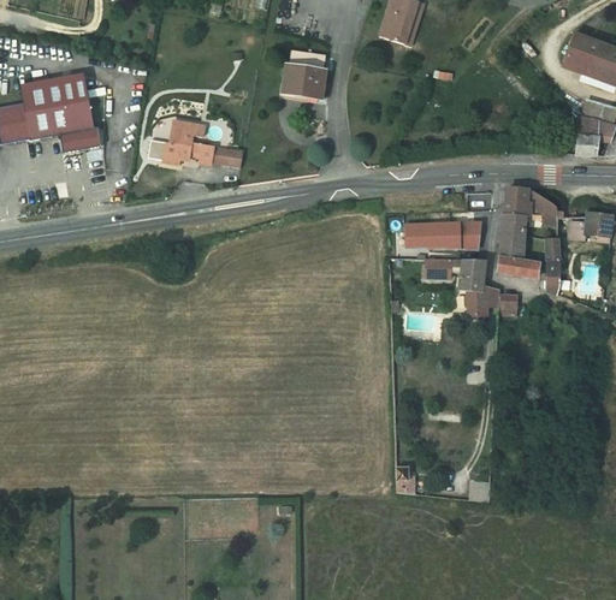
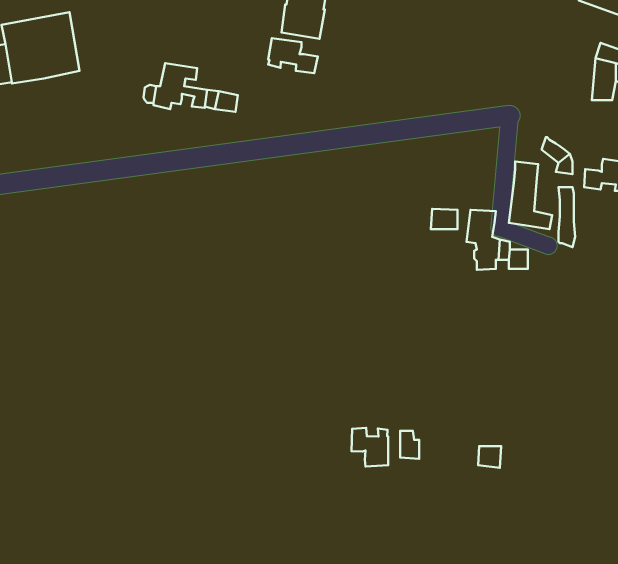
building: none -> [268,38,318,73]
building: [60,126,102,152] -> none
building: [504,186,528,215] -> none
building: [402,220,478,246] -> none
building: none -> [352,428,388,466]

